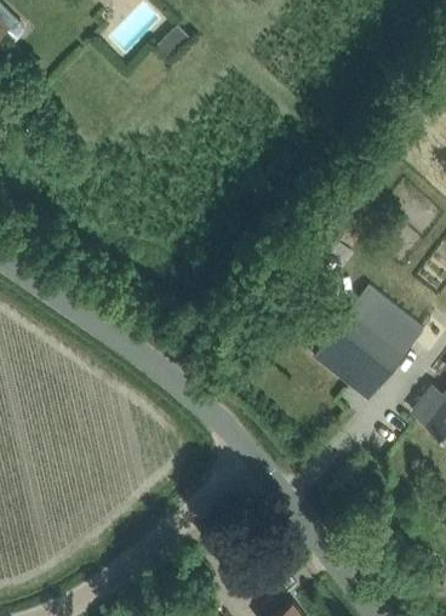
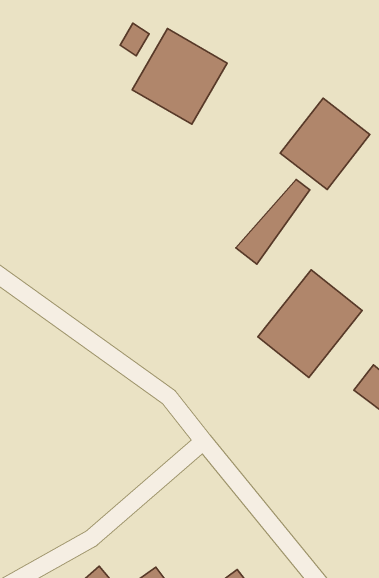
building: none -> [132,29,227,124]
building: none -> [280,98,370,189]

